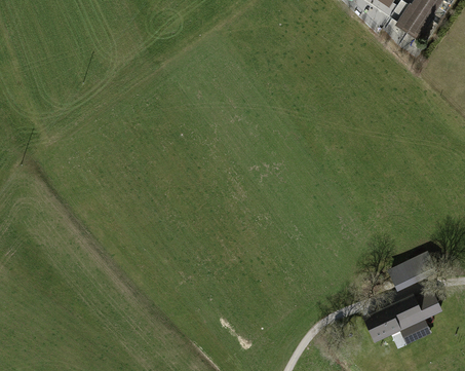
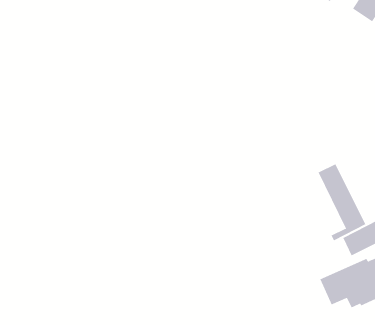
building: none -> [318,163,366,241]

